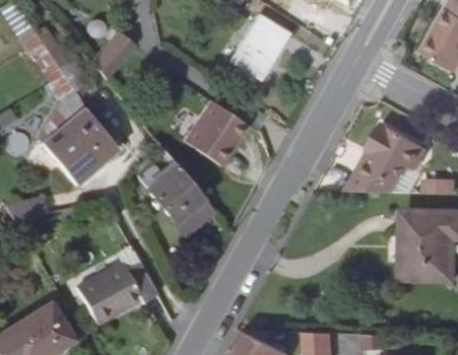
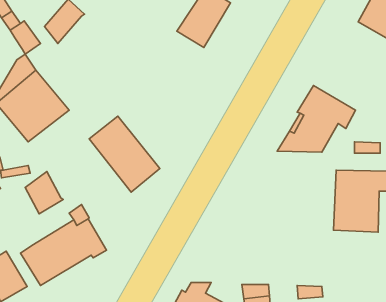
building: [185,102,246,163] -> none
building: none -> [25,171,63,214]

